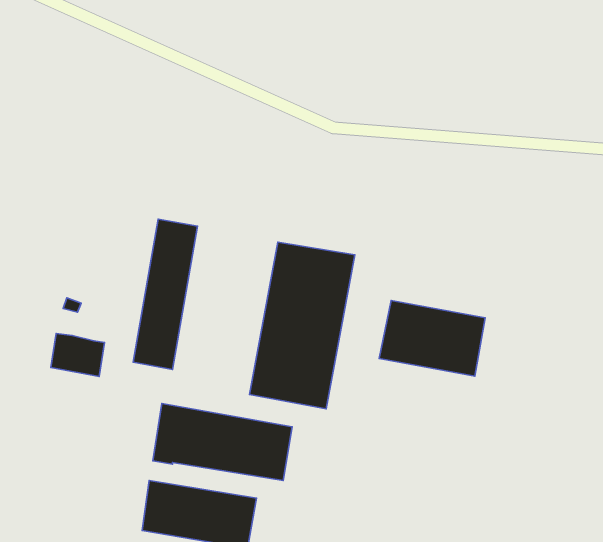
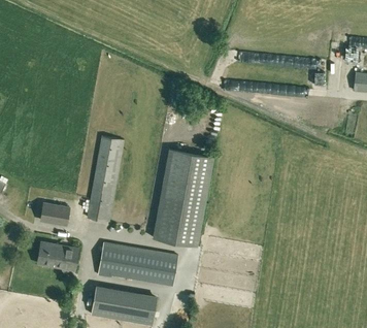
building: [379,301,485,376] -> none
building: none -> [35,239,78,271]

